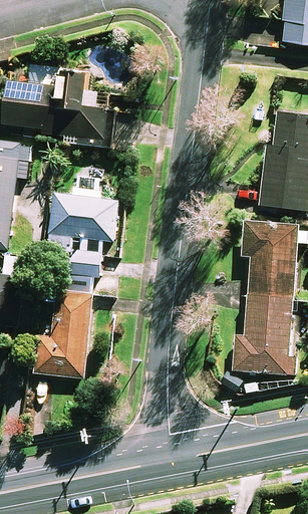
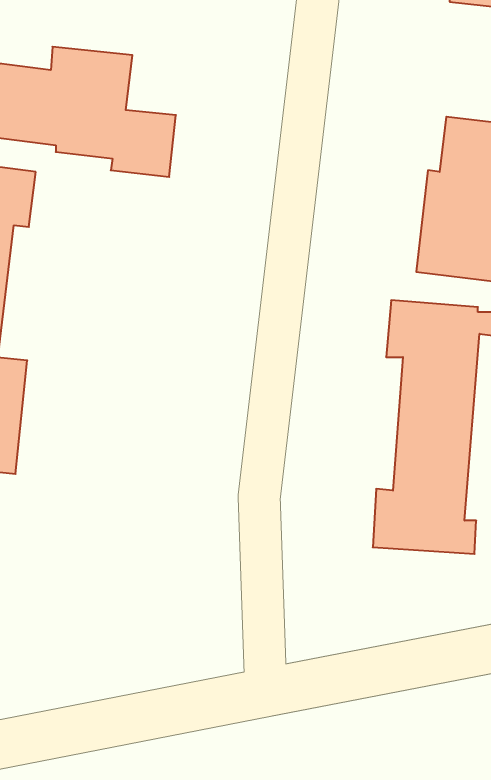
building: [48,186,117,277] -> none
building: [35,293,91,377] -> none

